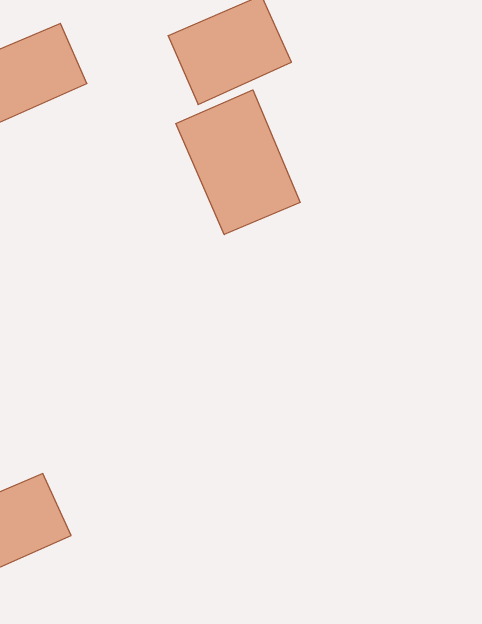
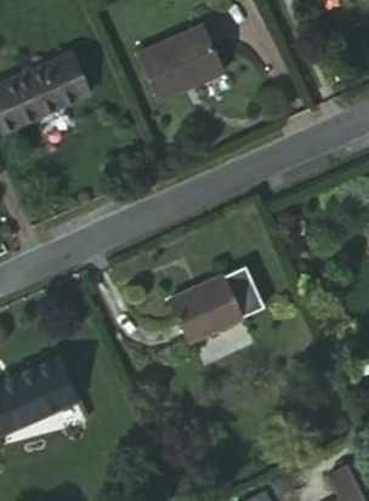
building: [176,90,300,235] -> none
building: none -> [169,272,244,342]

